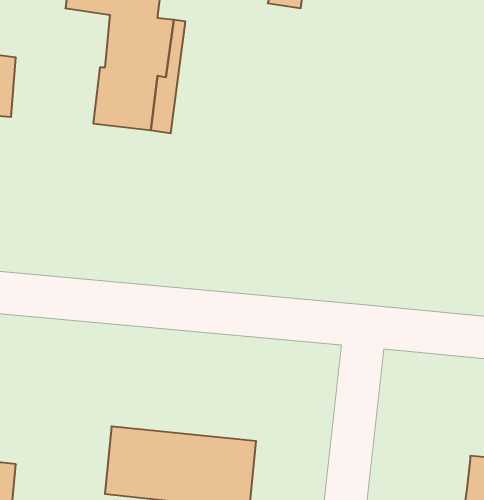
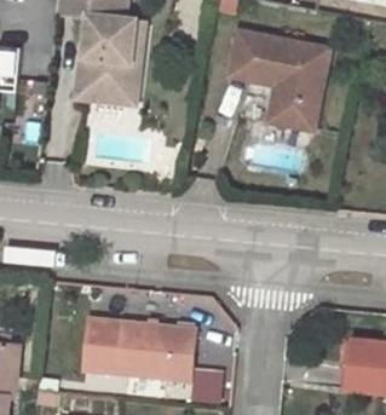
building: none -> [226,28,328,129]

